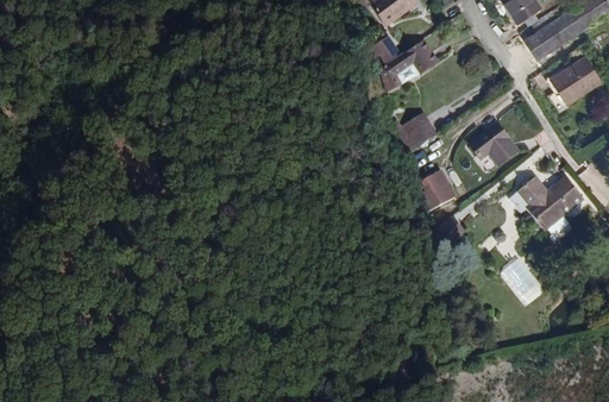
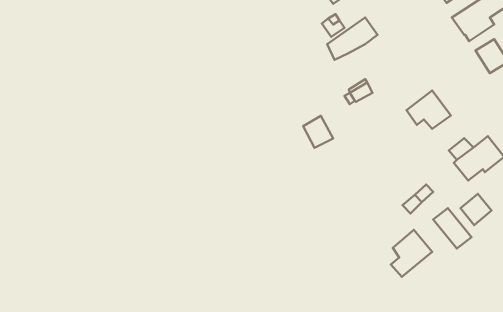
building: [421,169,456,206] -> [303,116,333,148]
building: none -> [461,194,492,225]
building: none -> [391,230,432,277]

